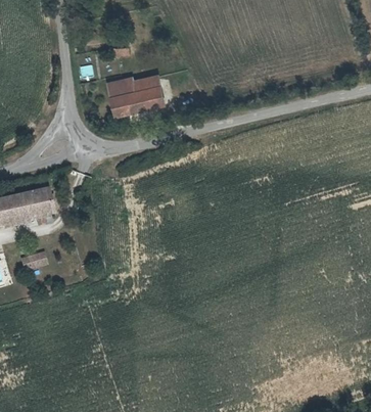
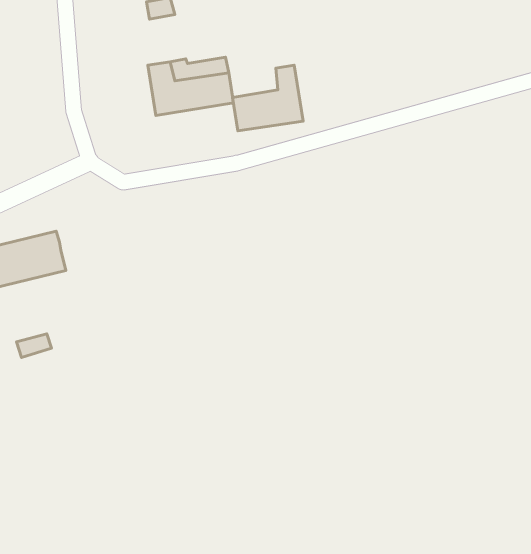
building: none -> [233,65,303,131]

